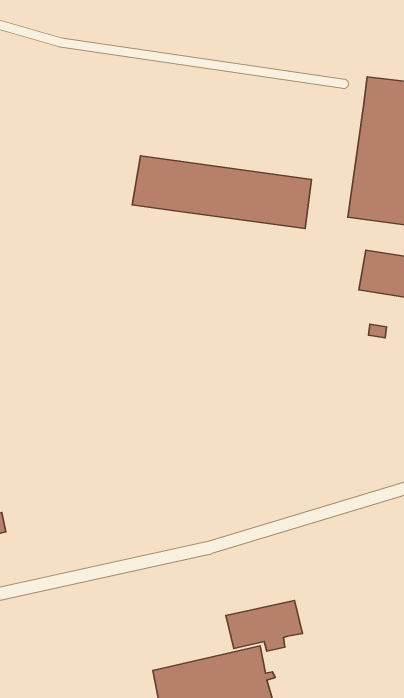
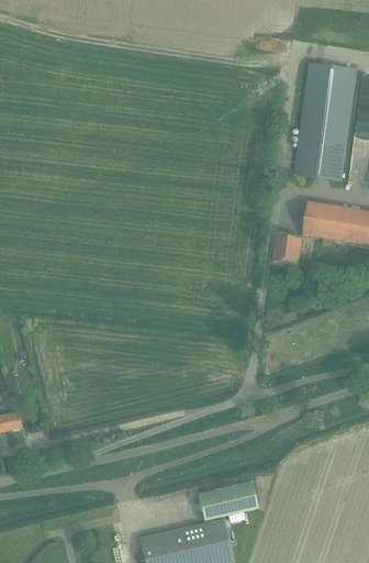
building: [132,156,312,229] -> none
building: none -> [272,234,302,265]

